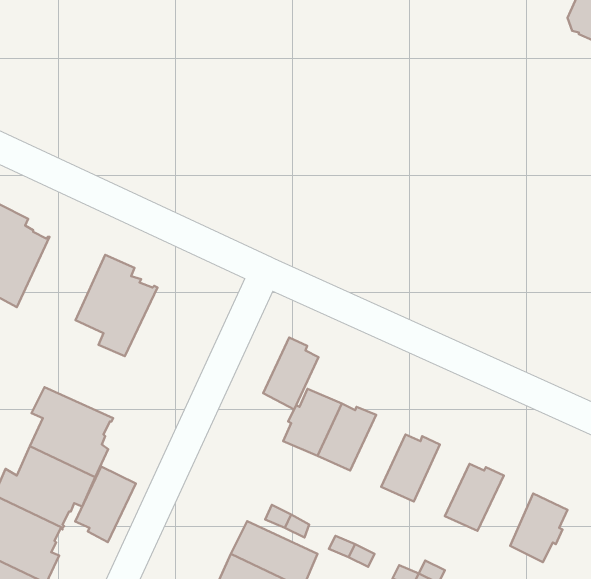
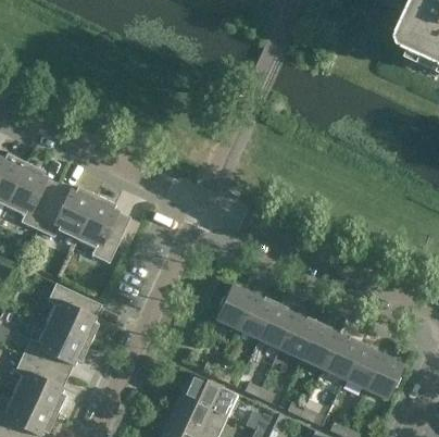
building: none -> [37,184,96,239]
building: [263,338,319,409] -> [259,302,296,350]
building: none -> [301,322,338,370]
building: [75,466,136,542] -> none
building: none -> [343,342,380,389]

